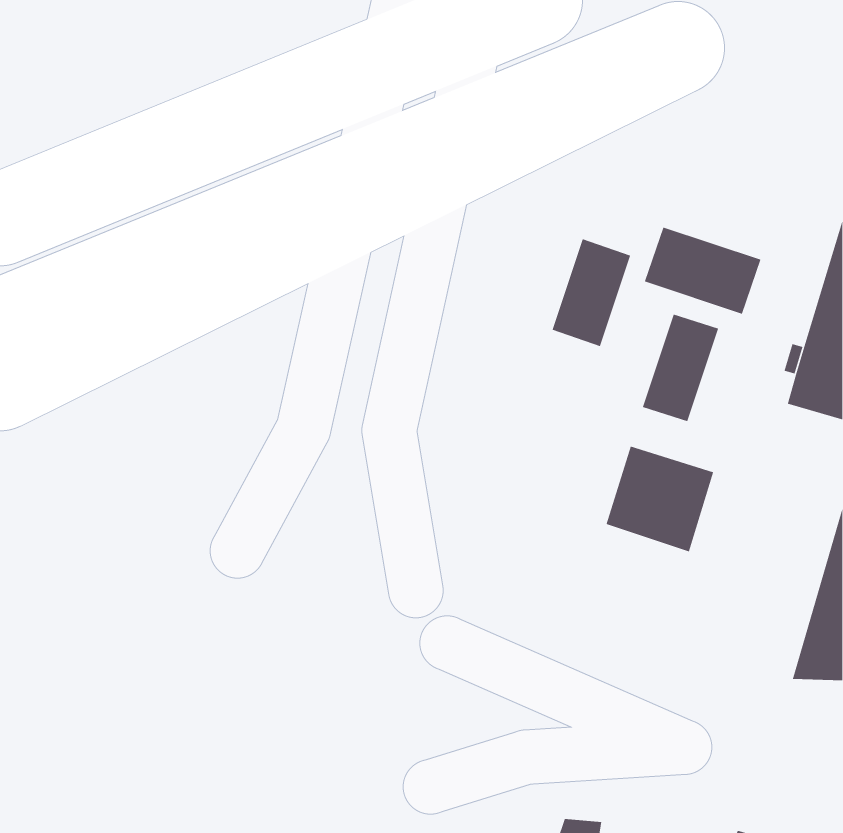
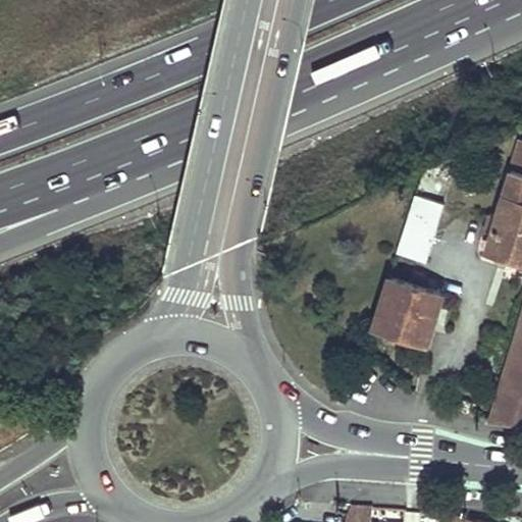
building: [644,226,761,315] -> none
building: [551,238,631,347] -> none

